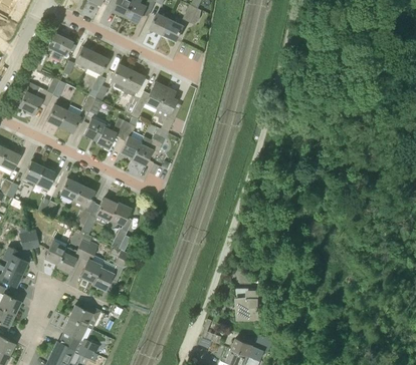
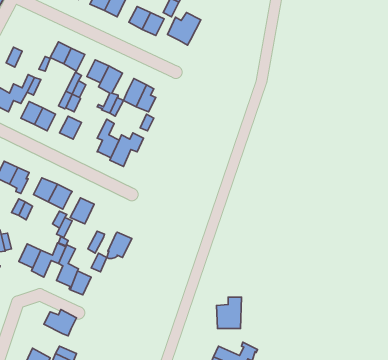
building: none -> [168,13,201,45]
building: [48,33,72,61] -> none
building: [95,118,129,149] -> none
building: [108,202,132,227] -> [107,232,132,258]
building: [59,318,86,345] -> none

